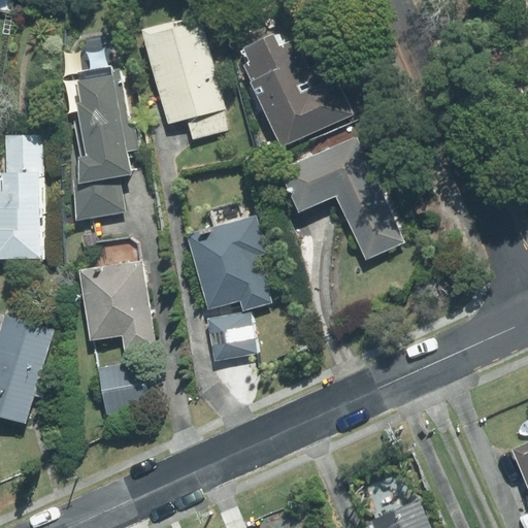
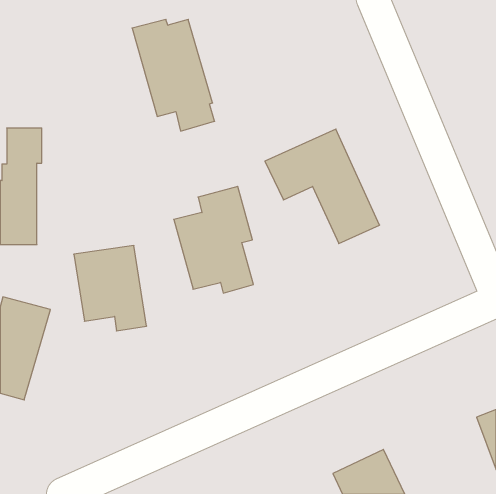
building: [239,35,351,146] -> none
building: [72,68,131,222] -> none
building: [200,312,259,364] -> none
building: [98,360,144,415] -> none

